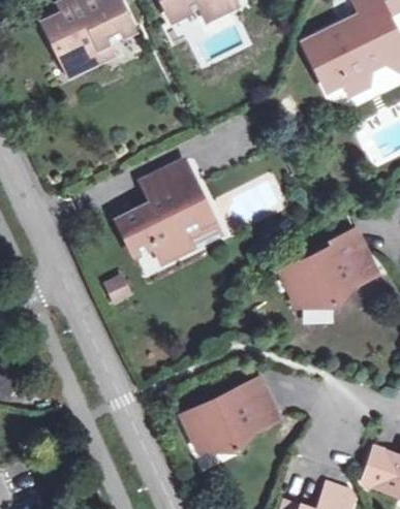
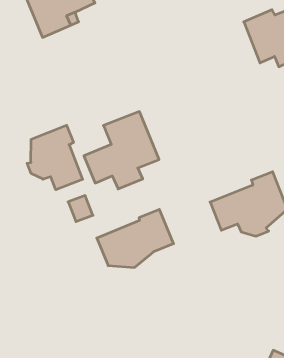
building: none -> [27,125,83,190]
building: [181,374,277,448] -> [97,209,174,267]

